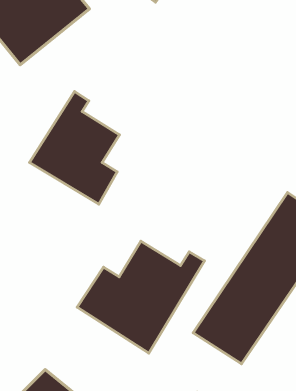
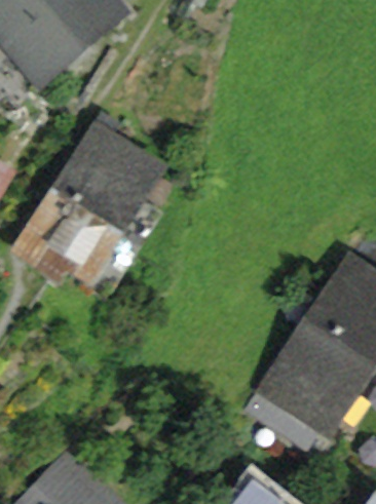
building: none -> [26,202,131,301]
building: [77,241,205,353] -> none

